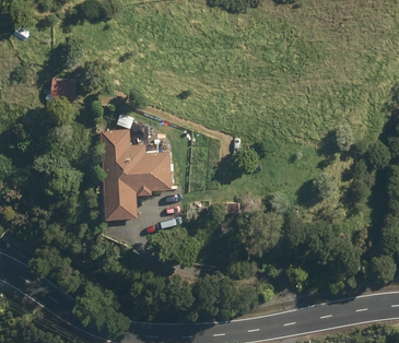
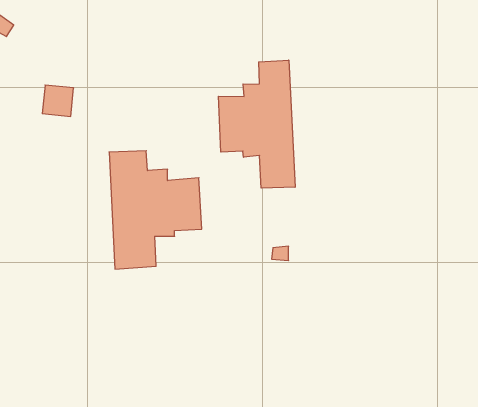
building: none -> [218,60,295,188]

